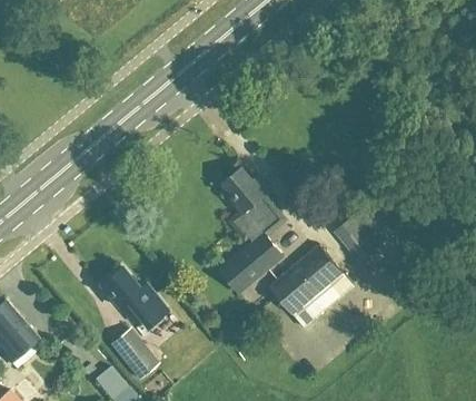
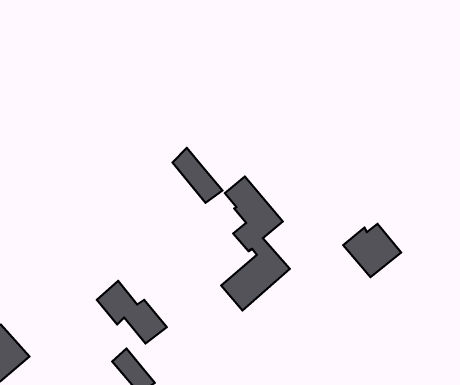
building: none -> [173,148,223,203]
building: [267,244,344,326] -> none

